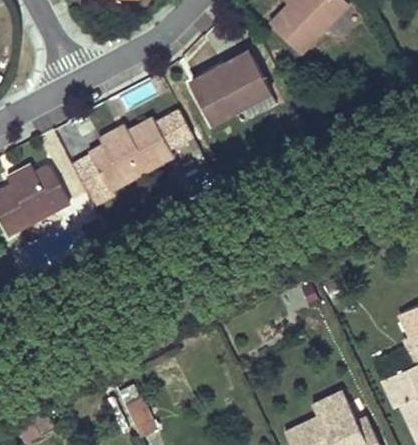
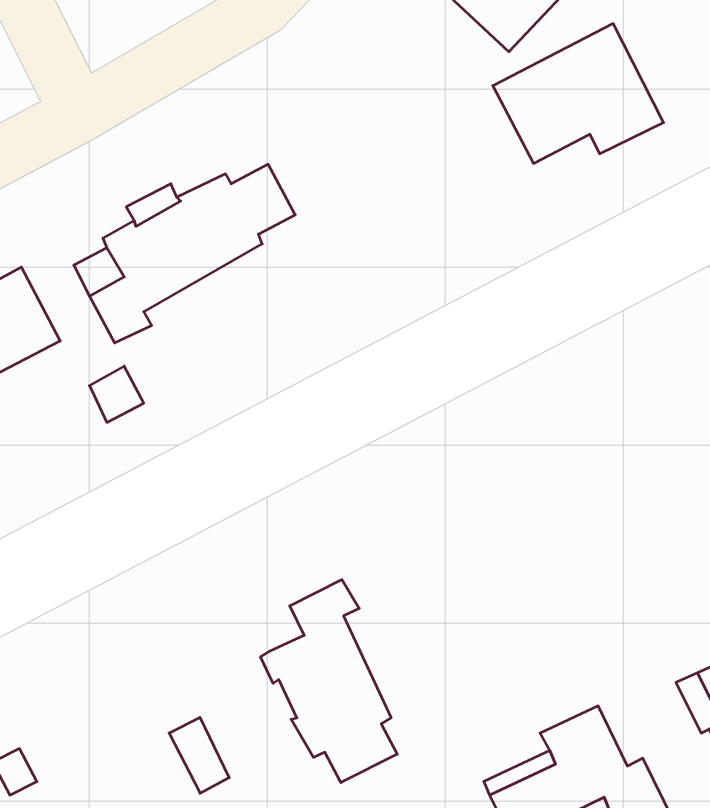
building: [190,54,278,126] -> [493,24,664,163]
building: none -> [261,580,397,783]

